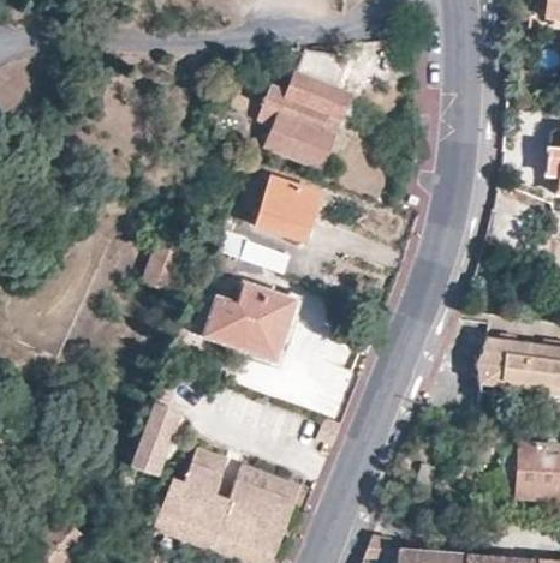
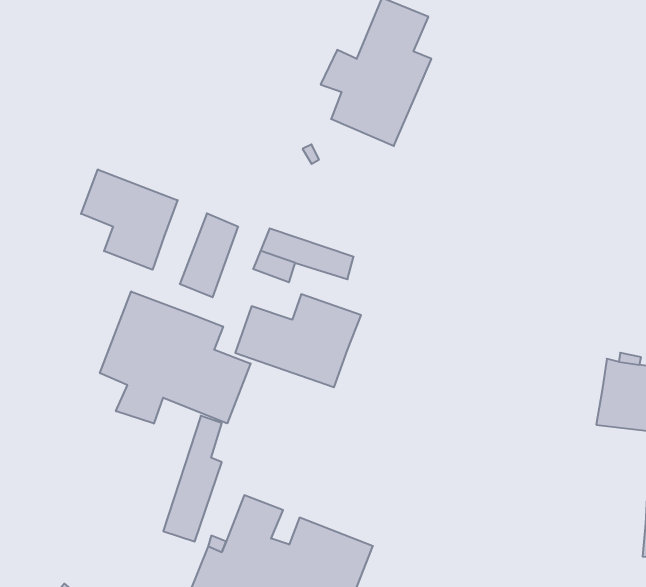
building: [252,178,317,240] -> none
building: none -> [81,169,178,270]
building: none -> [100,291,251,424]

